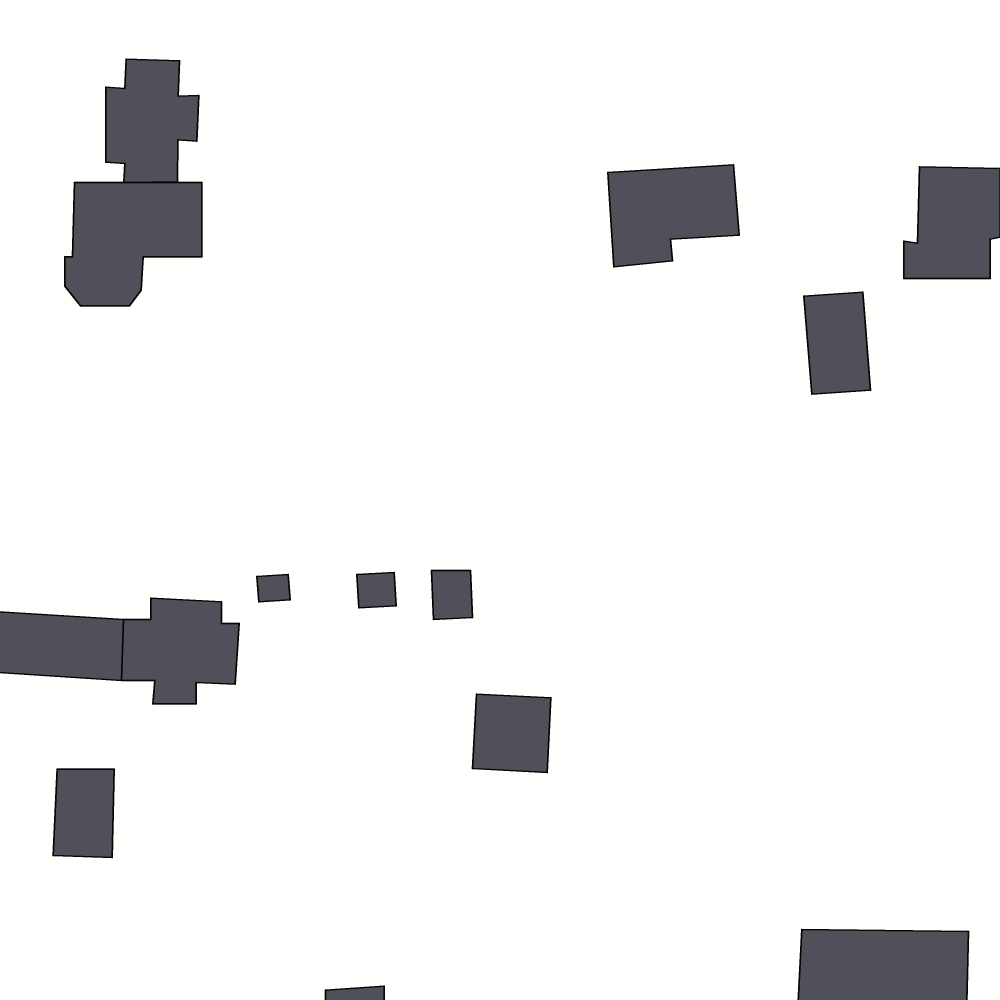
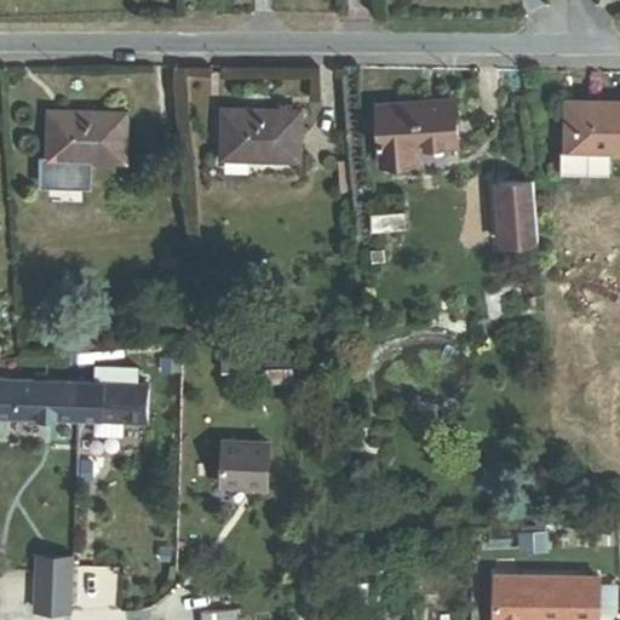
building: [106,59,199,182] -> none
building: none -> [220,110,299,162]
building: [472,694,551,772] -> [220,441,269,489]
building: [53,769,114,858] -> [34,557,71,612]

